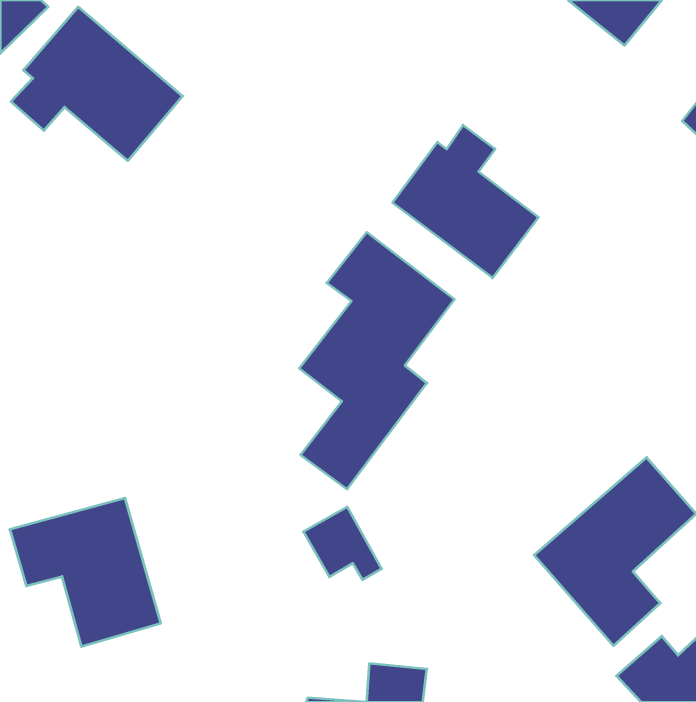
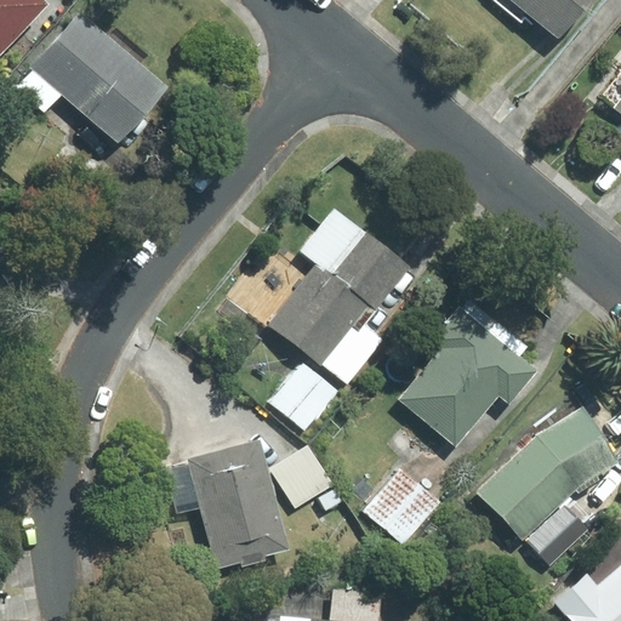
building: [393,125,538,278] -> none
building: none -> [397,306,536,448]
building: [10,498,161,646] -> [154,440,287,571]
building: none -> [365,467,441,546]

